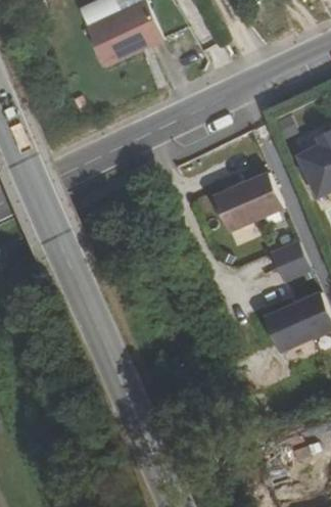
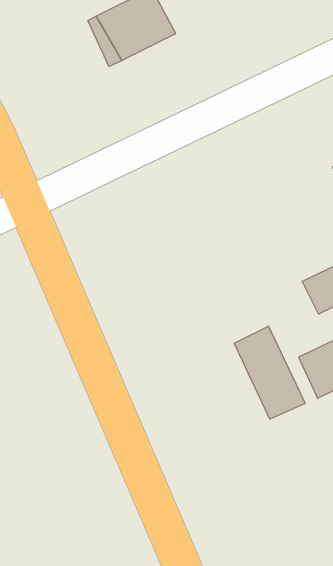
building: [211,171,285,233] -> none
building: none -> [234,326,305,419]

